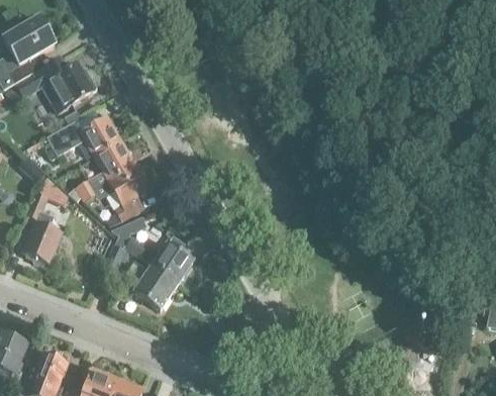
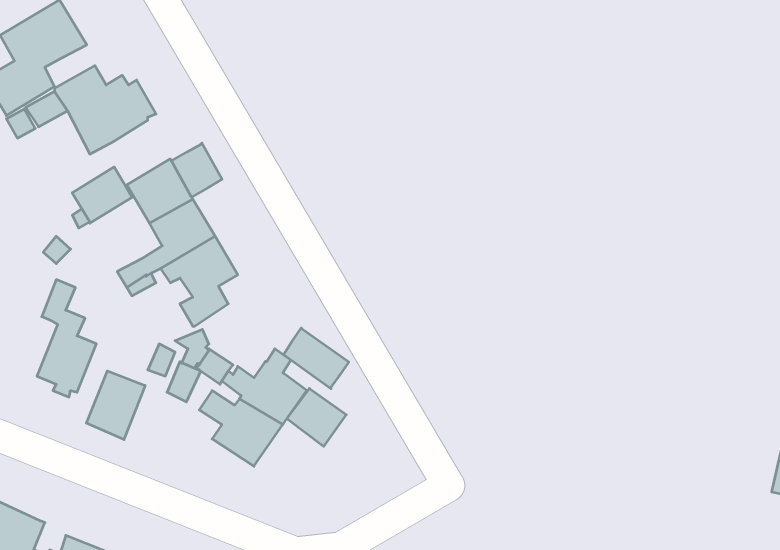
building: none -> [171,143,222,197]
building: none -> [284,328,349,389]
building: none -> [86,371,145,440]
building: none -> [287,388,346,446]

